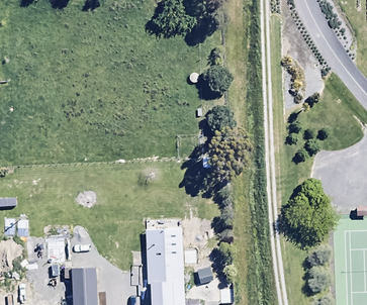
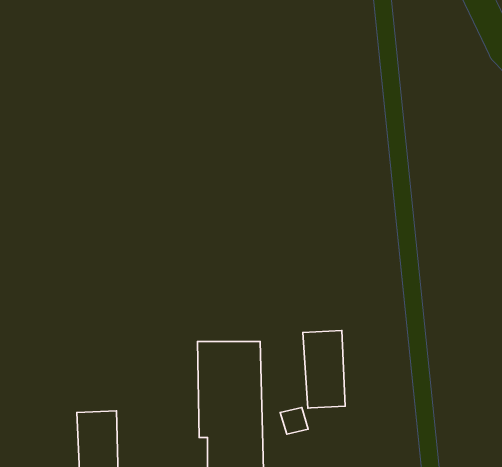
building: none -> [303,331,345,408]

